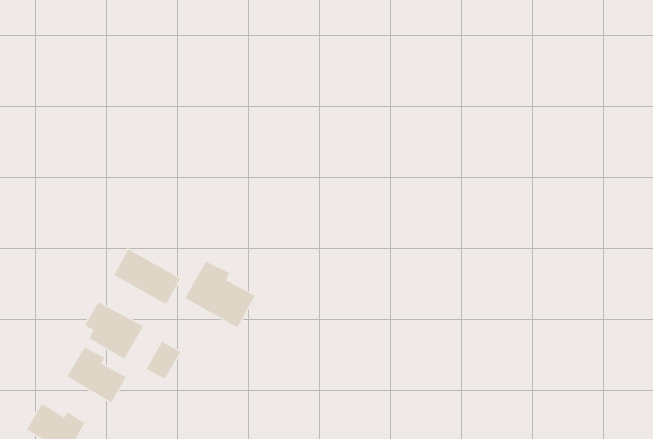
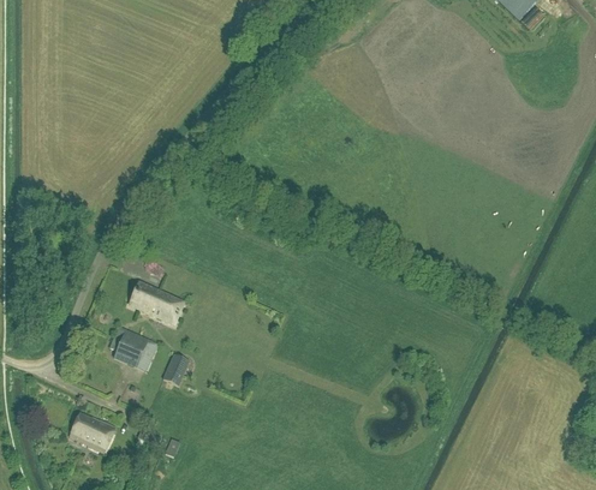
building: [184,261,256,328] -> none
building: [66,347,127,403] -> none

